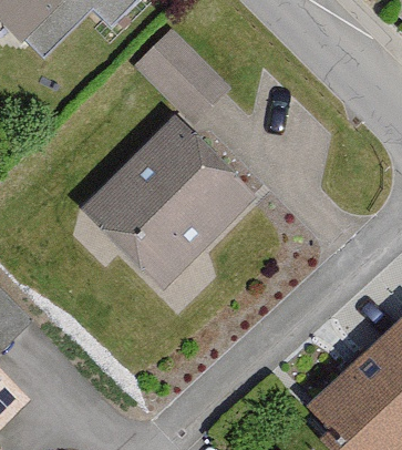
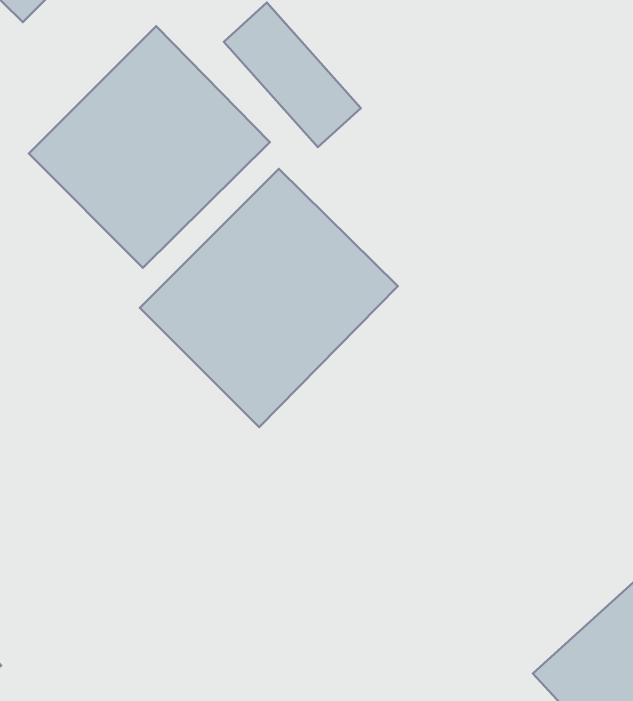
building: none -> [29,26,270,268]

